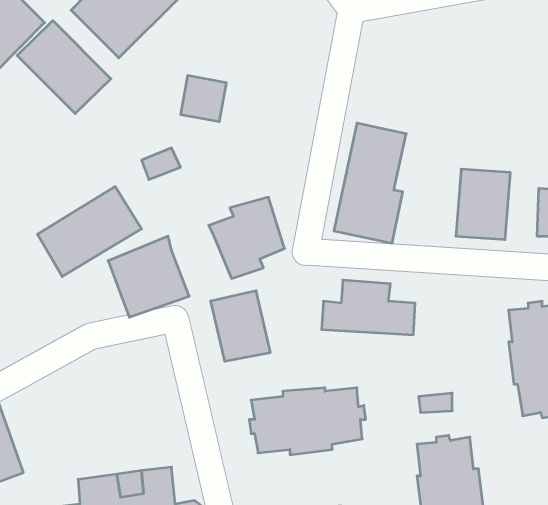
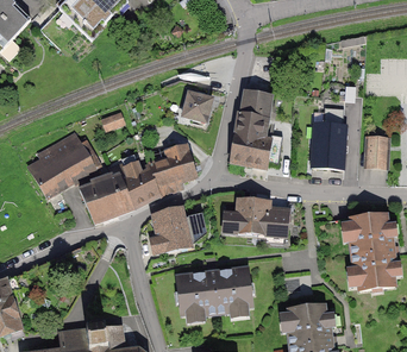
building: [17,21,111,114] -> none
building: [181,76,226,122] -> [186,92,217,122]
building: none -> [121,158,162,208]

